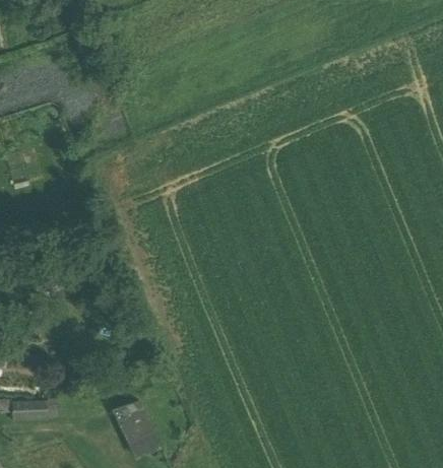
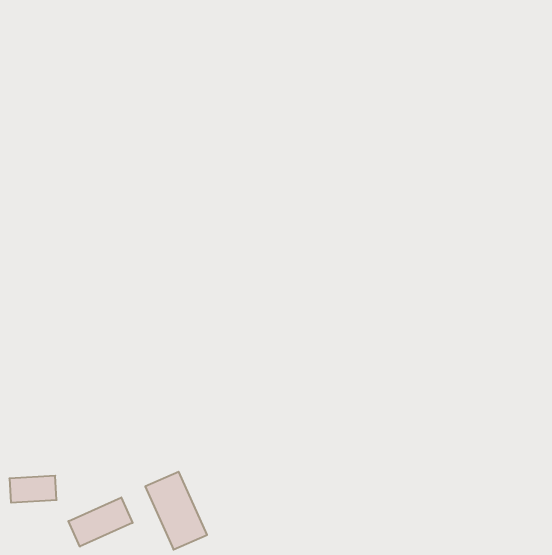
building: none -> [68,497,133,547]

